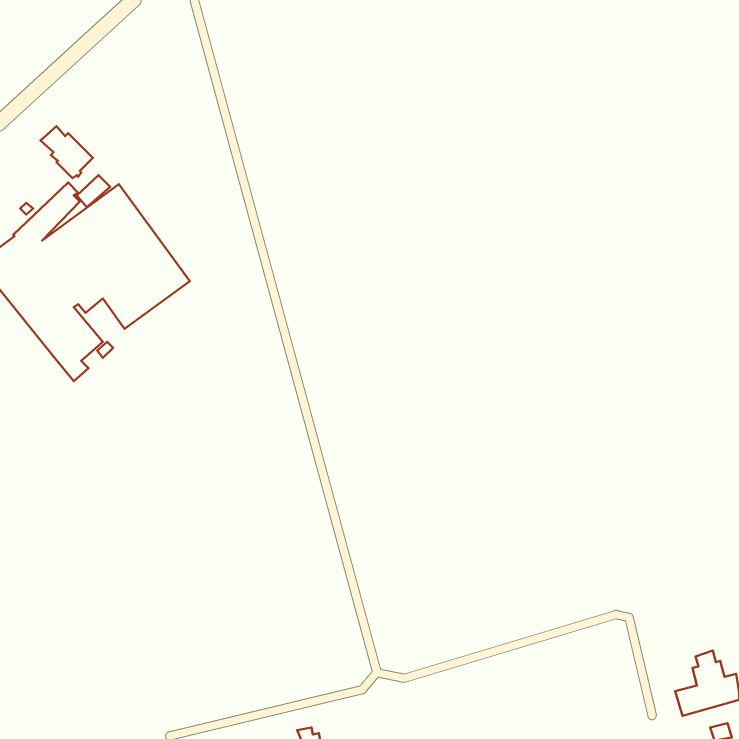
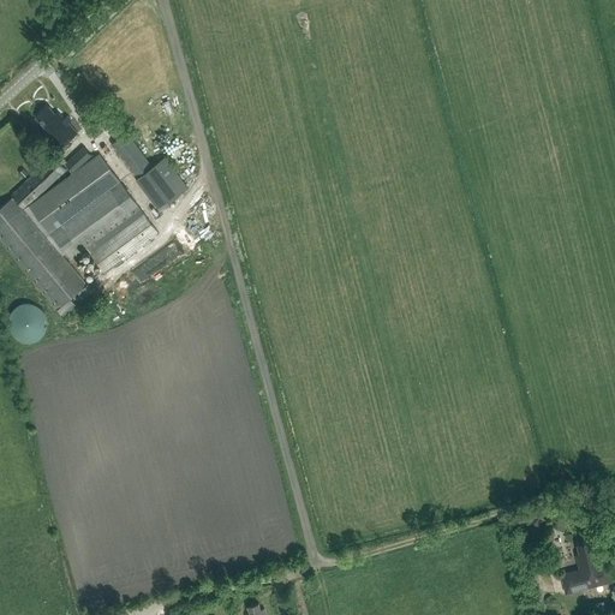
building: none -> [109,132,187,210]
building: none -> [7,303,46,342]

